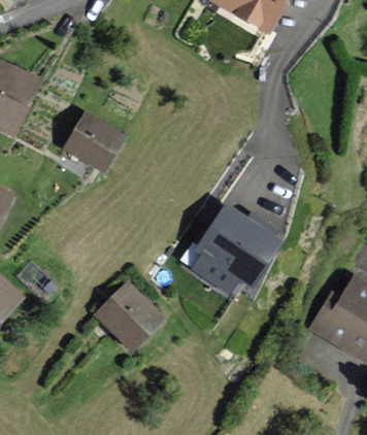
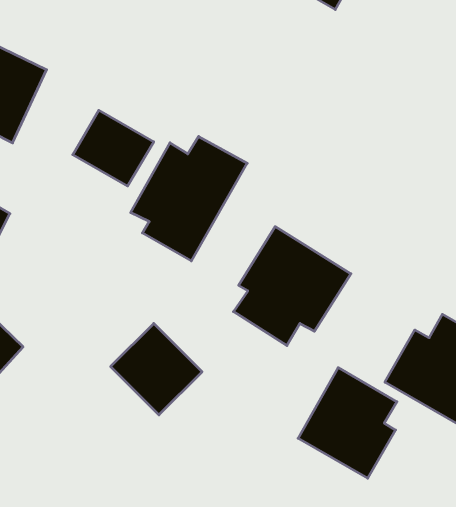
building: none -> [131,136,247,261]
building: none -> [298,368,397,478]

